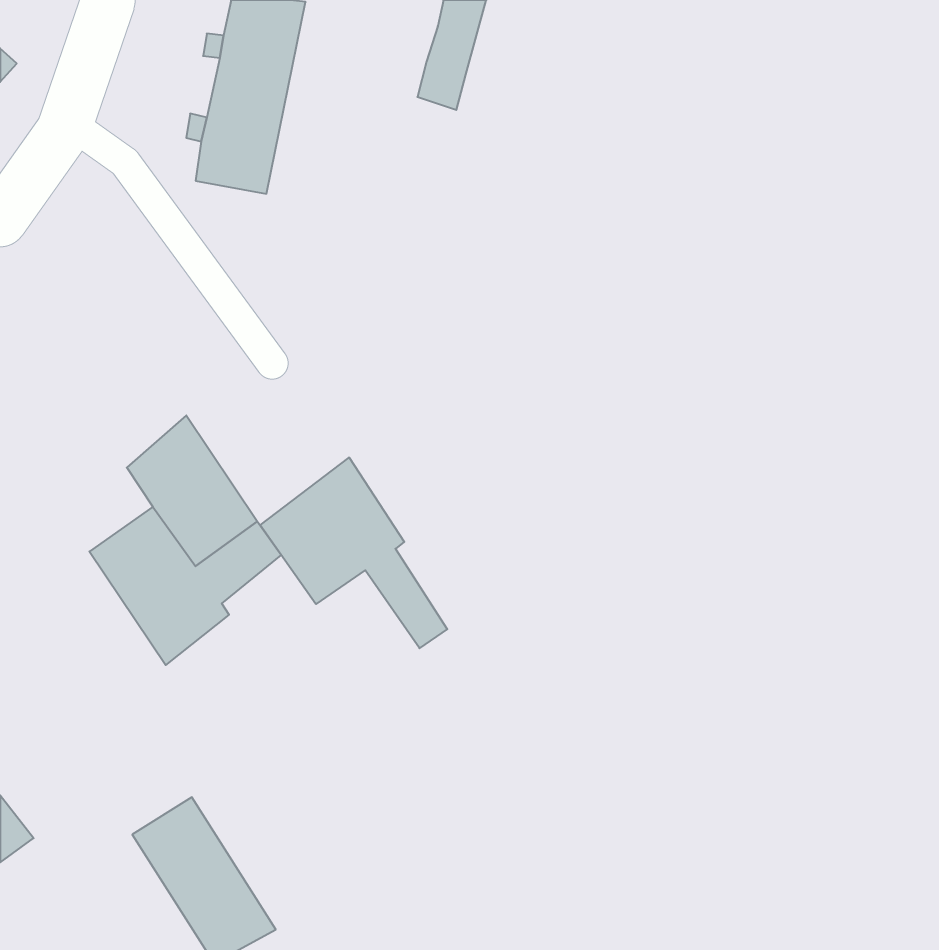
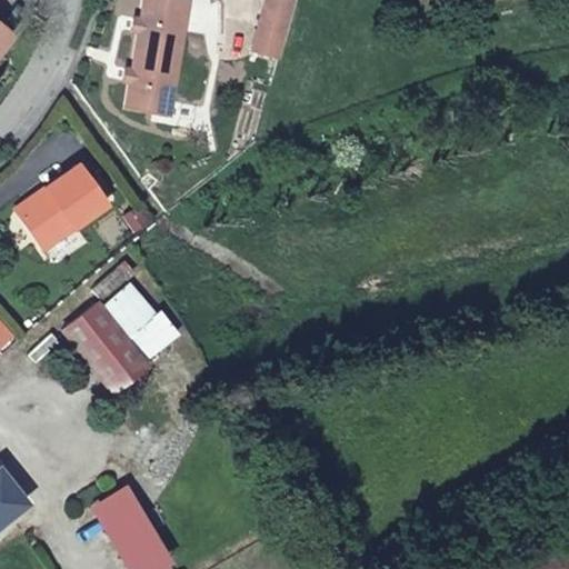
building: none -> [21,162,109,249]
building: [260,457,447,648] -> none

